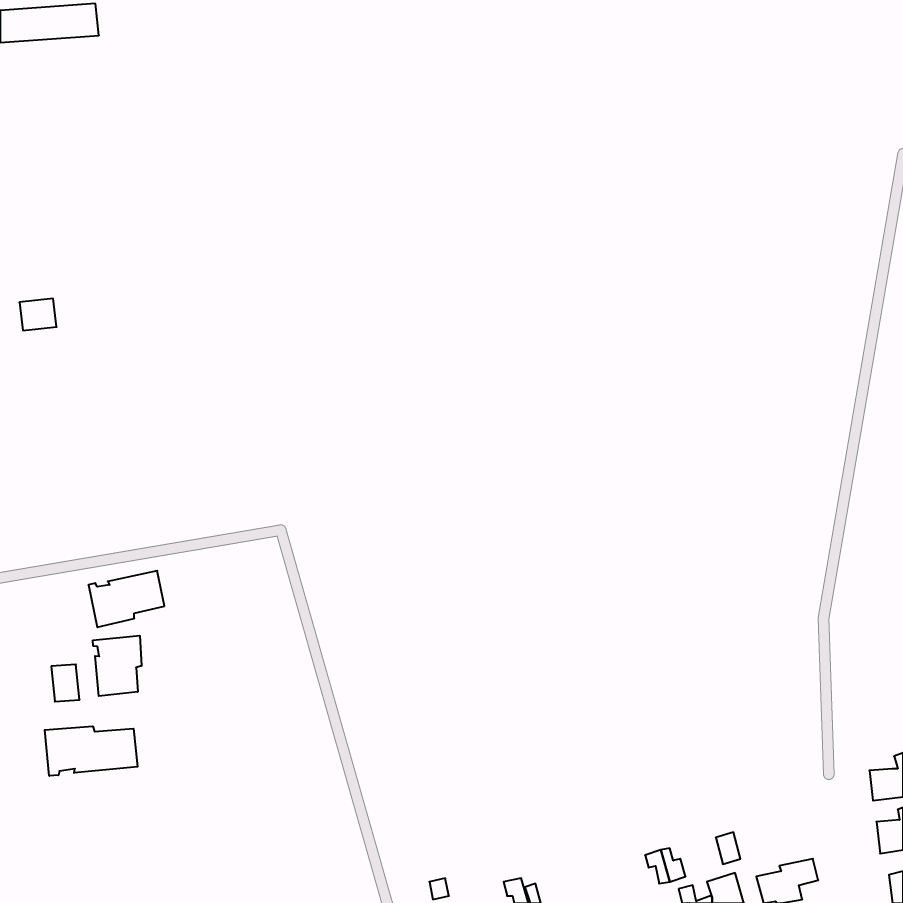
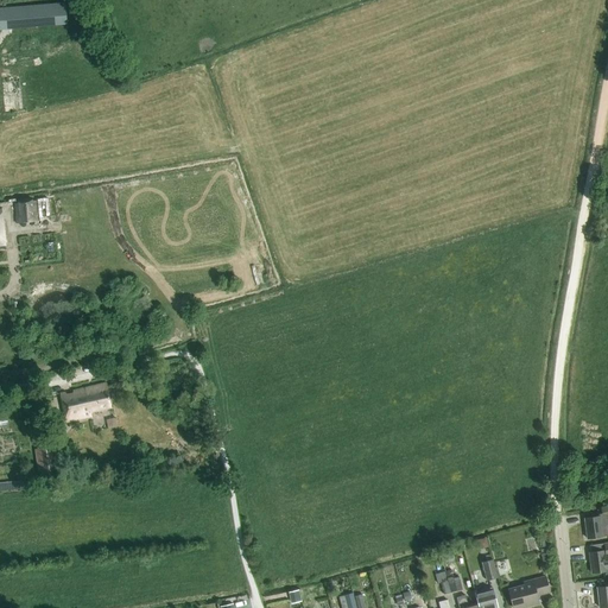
building: [93,636,142,696] -> none
building: [45,726,138,776] -> none

